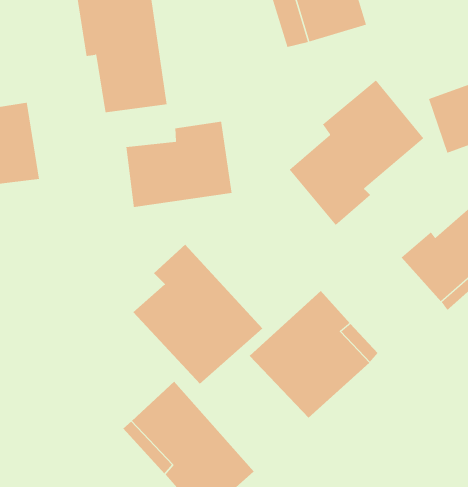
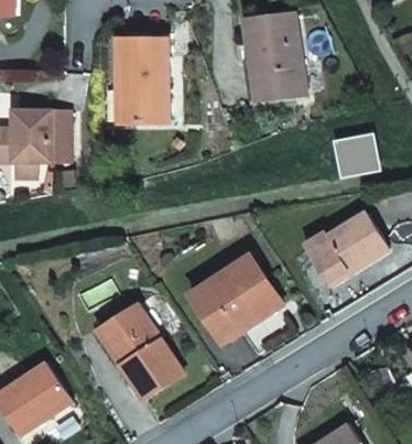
building: [289,80,424,226] -> none
building: [126,121,232,208] -> none
building: [133,244,263,385] -> none

